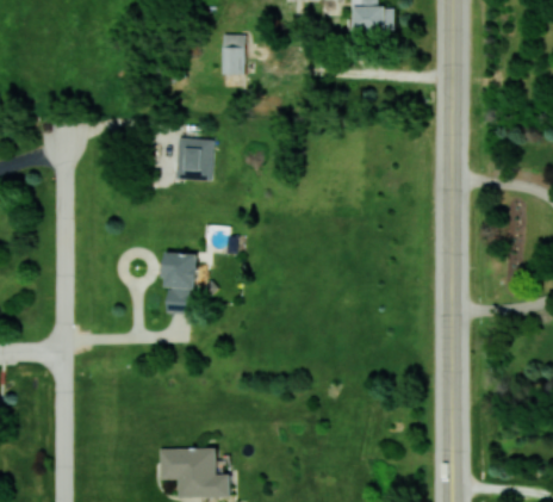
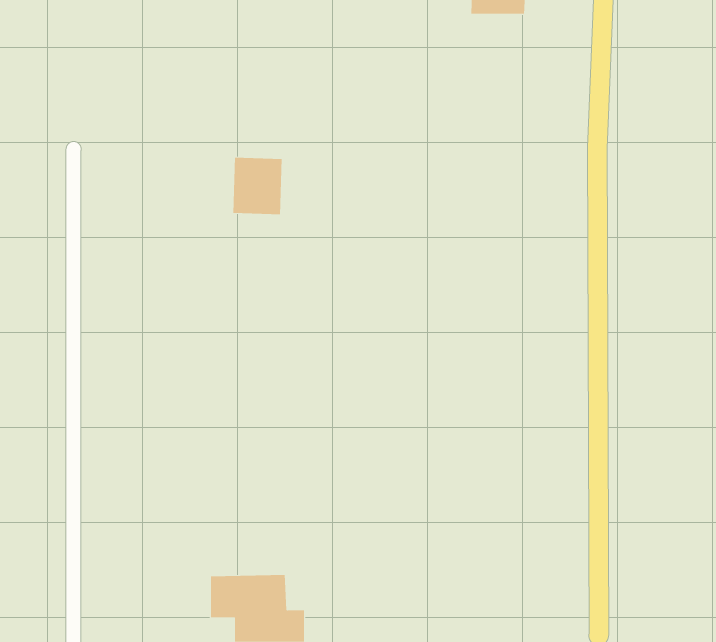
building: [222,35,244,74] -> none
building: [166,253,197,312] -> none

